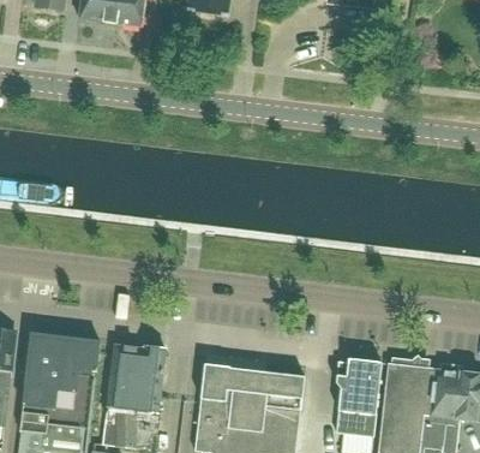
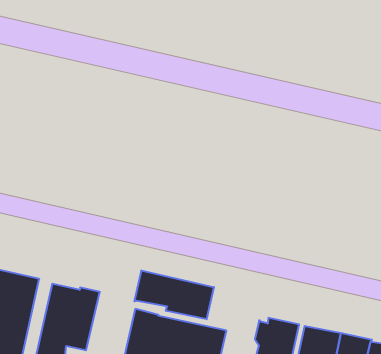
building: none -> [134,270,214,319]

